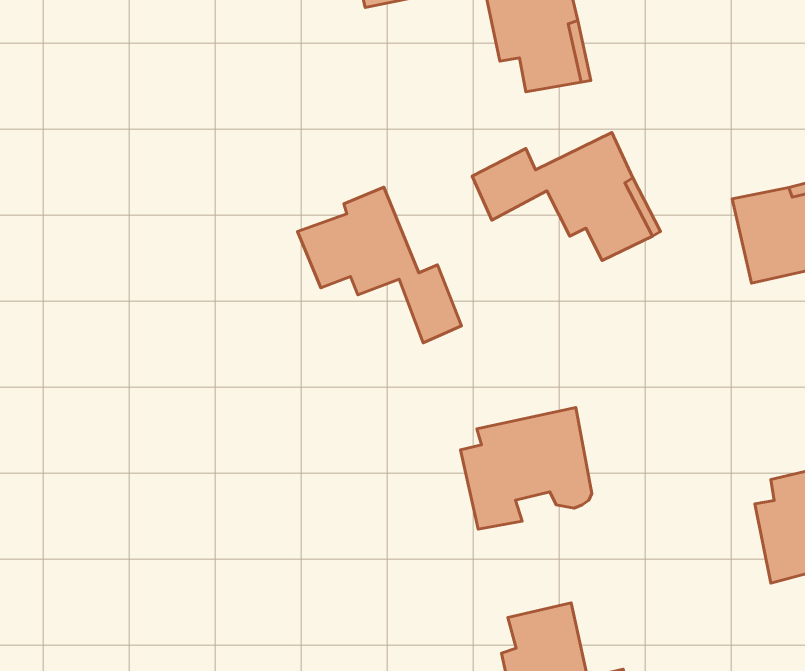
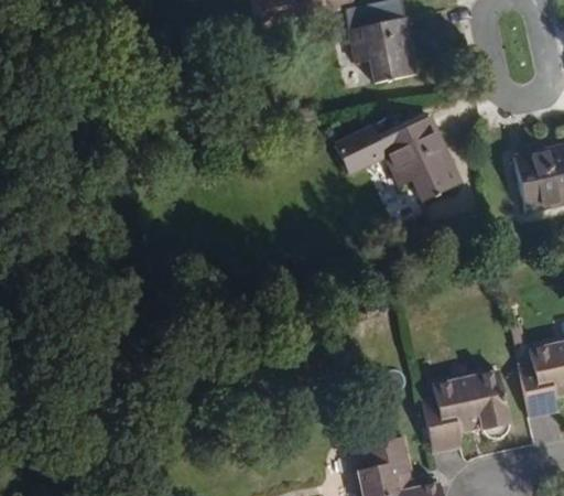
building: [298,187,461,343] -> none
building: [460,408,592,529] -> [429,368,518,451]

